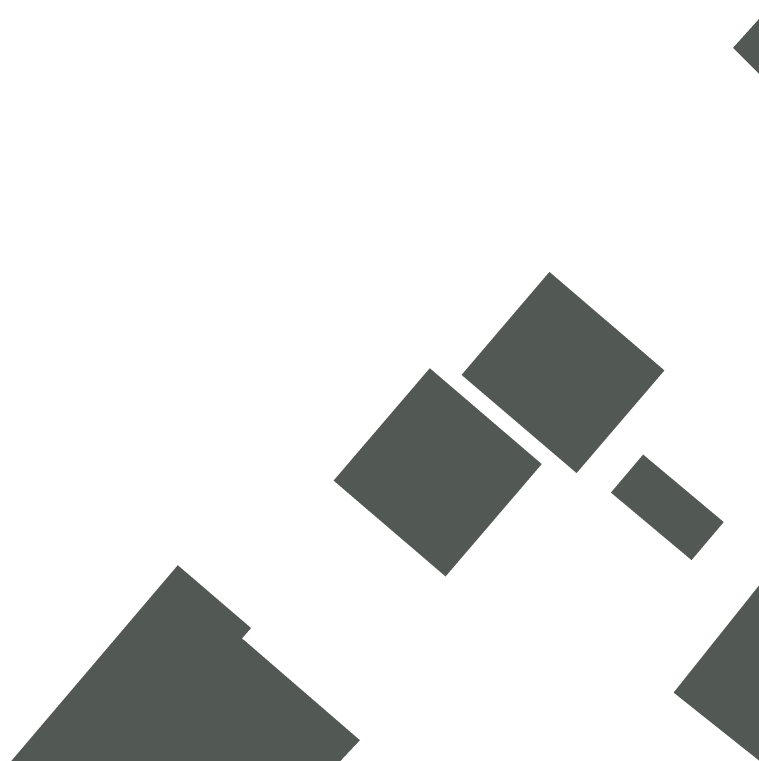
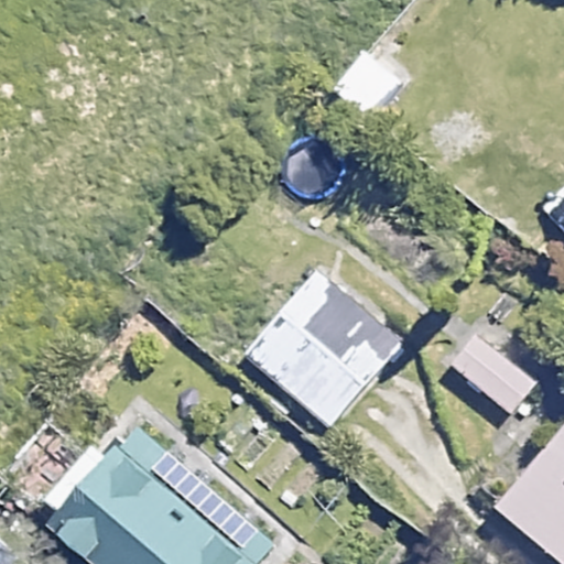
building: [461,271,665,474] -> none

